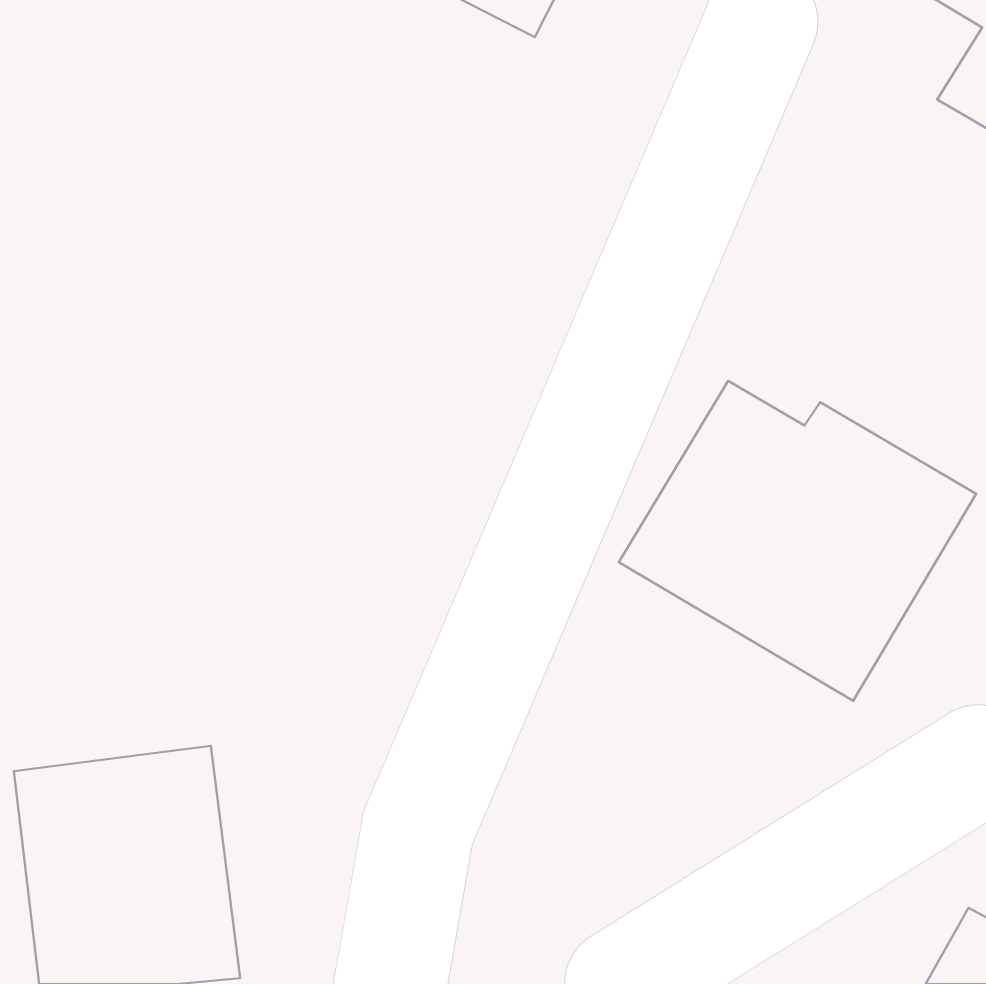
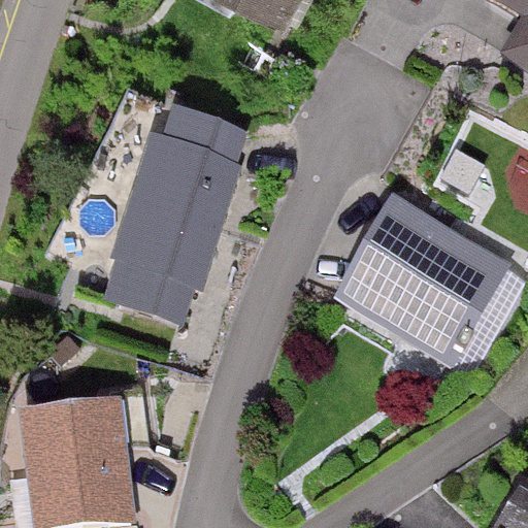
building: none -> [99,105,245,327]

